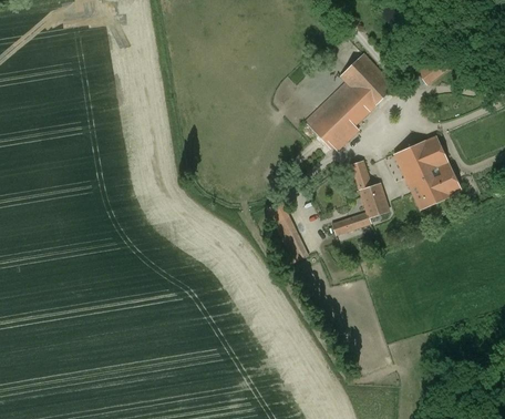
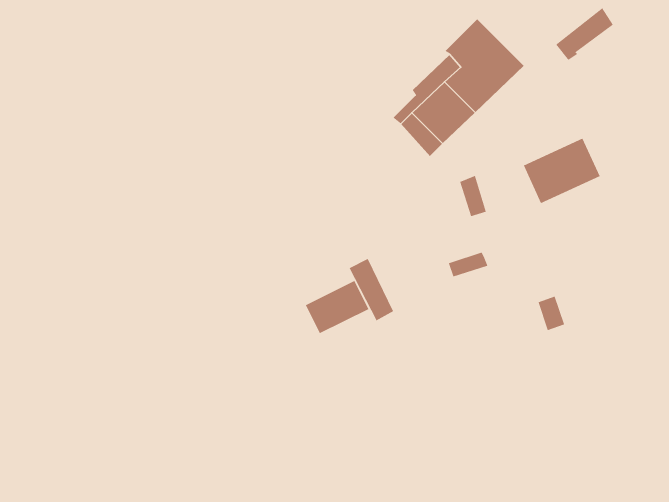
building: [406,162,462,210] -> none
building: [359,183,389,217] -> none
building: none -> [305,280,370,334]

